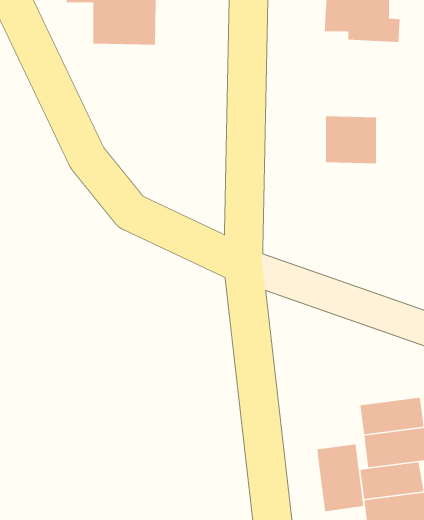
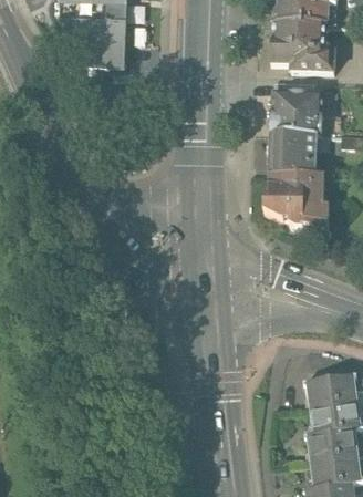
building: none -> [273,90,322,132]
building: none -> [267,170,328,228]
building: [316,443,364,512] -> none

